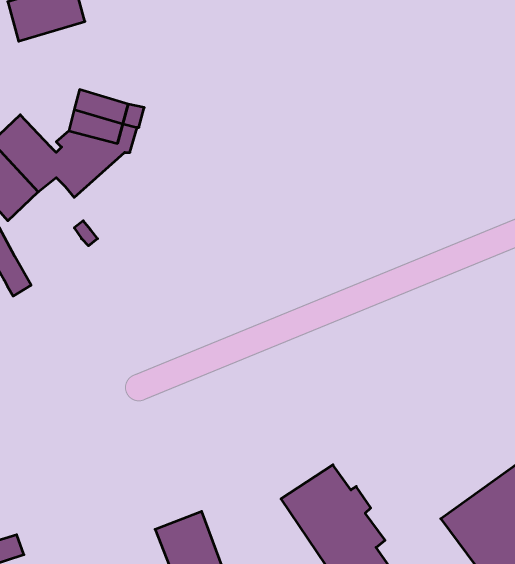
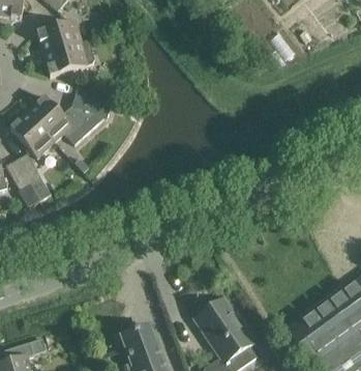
building: none -> [42,41,94,76]

